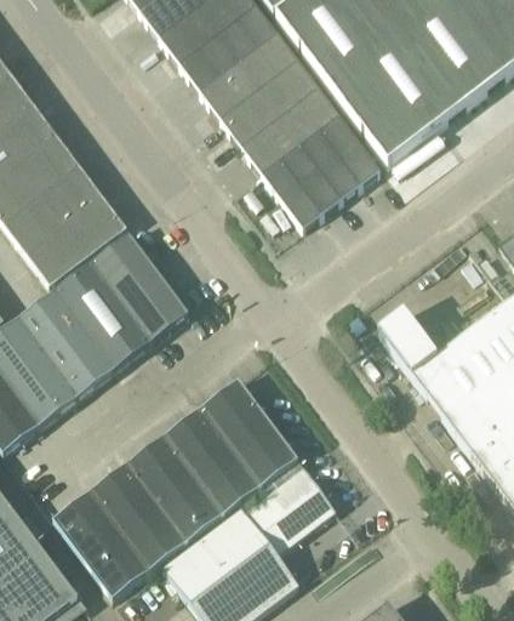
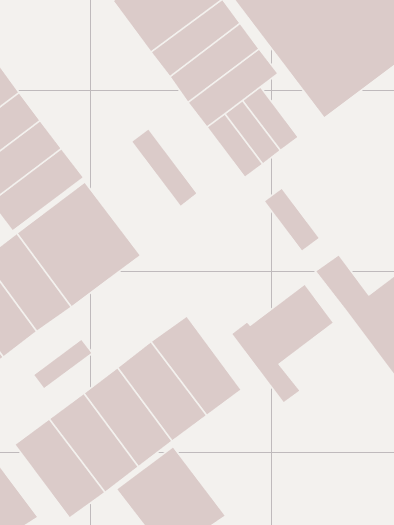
building: [319,115,379,184] -> [264,188,320,251]
building: none -> [131,129,198,207]
building: none -> [33,339,92,389]
building: [224,466,336,596] -> [231,284,334,403]

